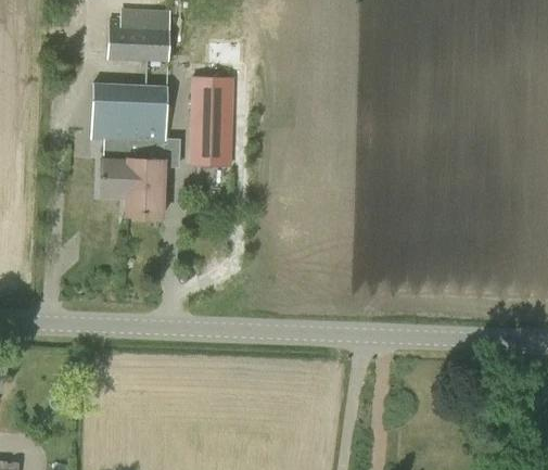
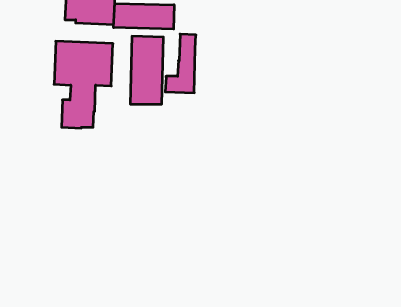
building: none -> [114,3,174,29]
building: [126,141,166,218] -> [165,34,196,93]

